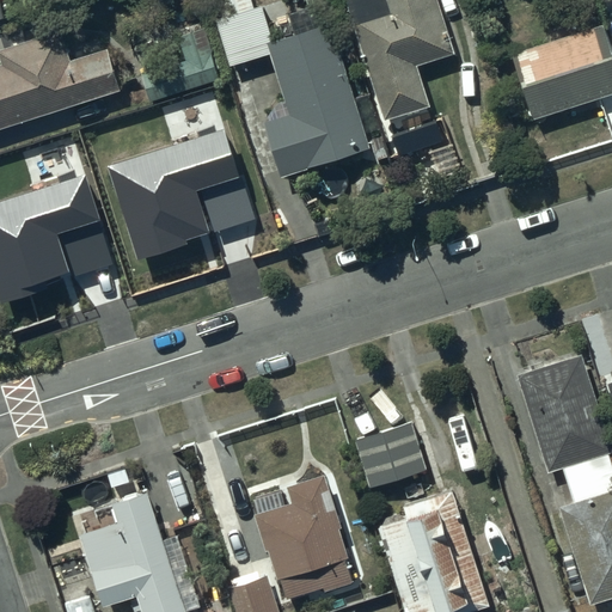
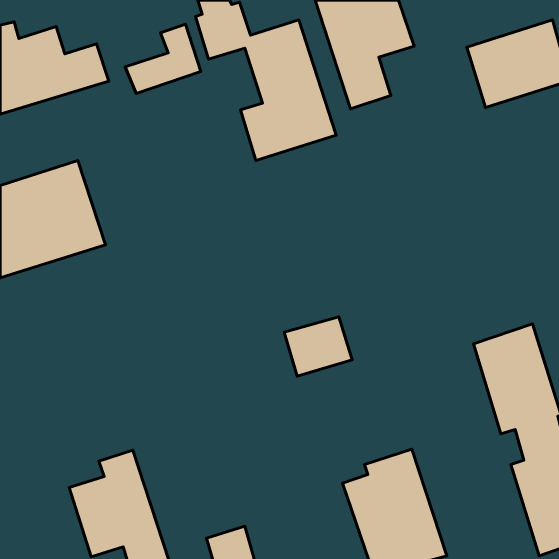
building: [112,133,258,262] -> none
building: [354,423,428,488] -> [284,317,352,376]
building: [252,475,351,600] -> none

